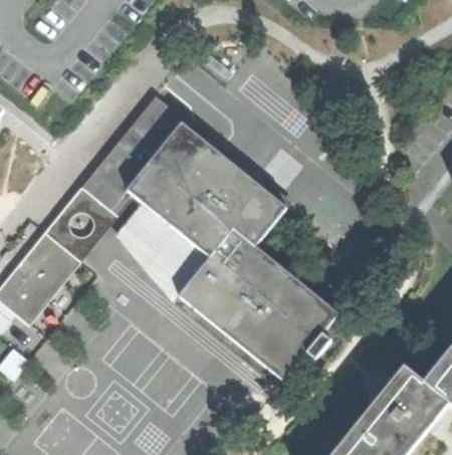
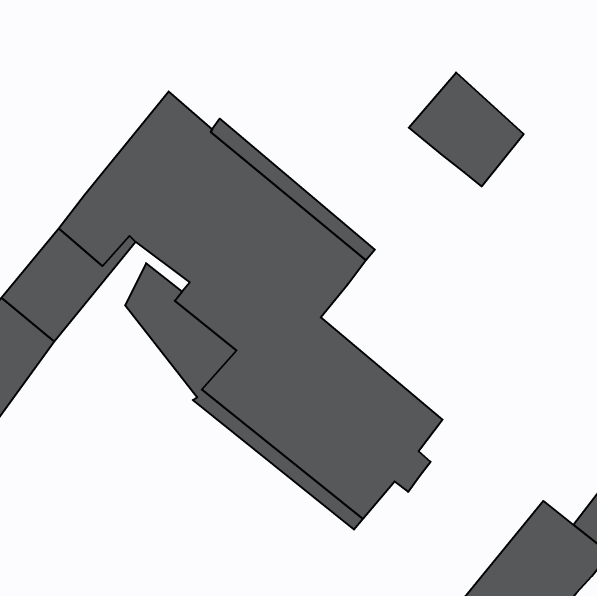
building: none -> [409,72,524,186]

